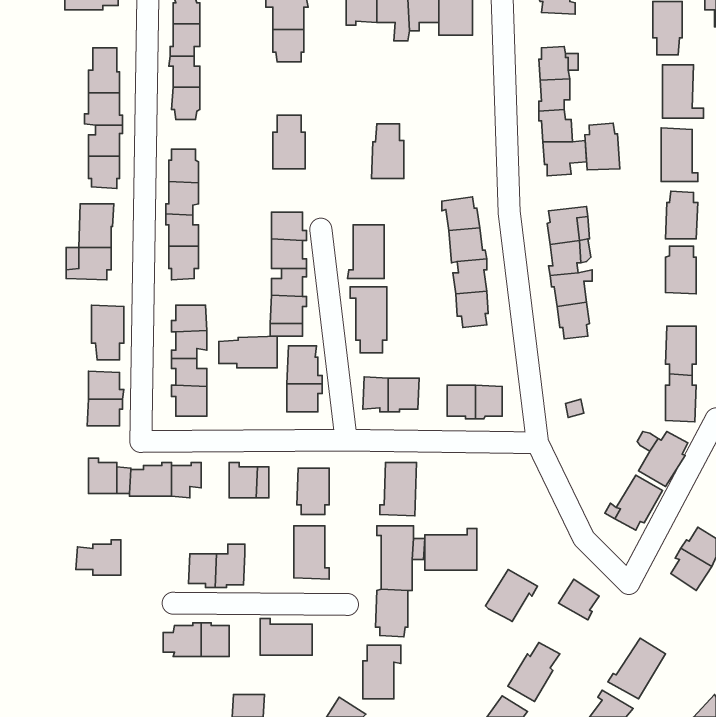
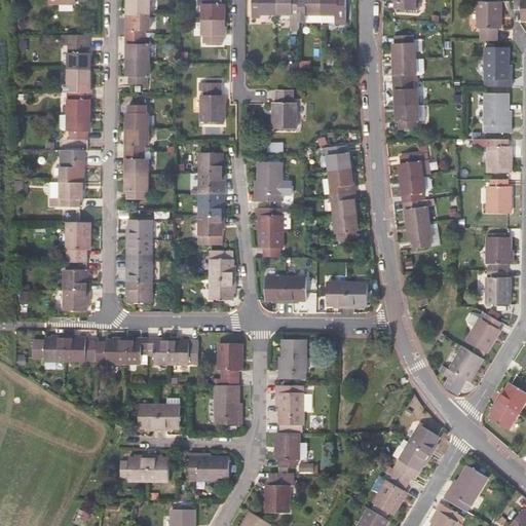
building: [585,123,620,170] -> none
building: [219,336,277,368] -> none
building: none -> [147,338,167,364]
building: [425,529,477,570] -> none
building: [76,540,121,575] -> [32,335,65,361]
building: [486,569,538,621] -> [391,441,429,479]

